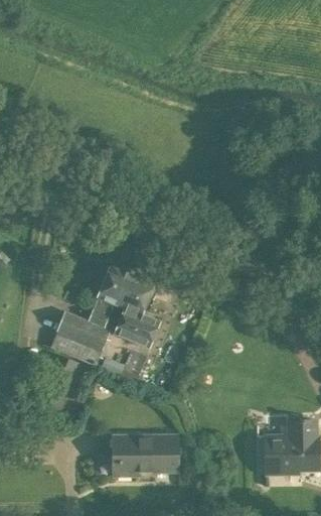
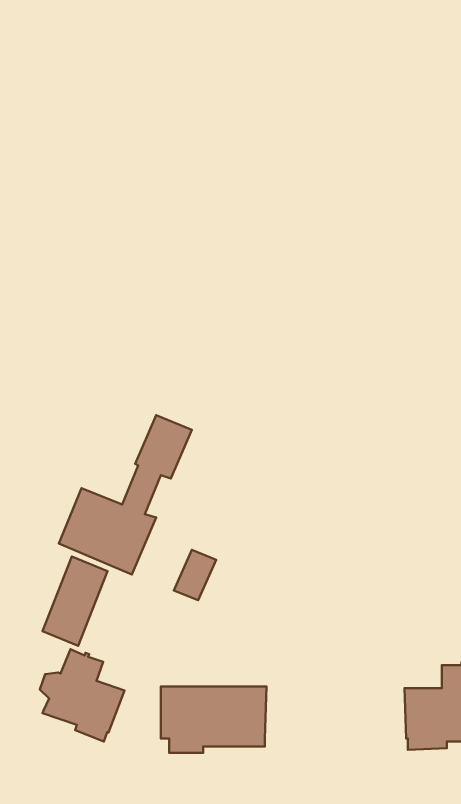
building: [115,275,159,348] -> none
building: none -> [40,649,125,742]

